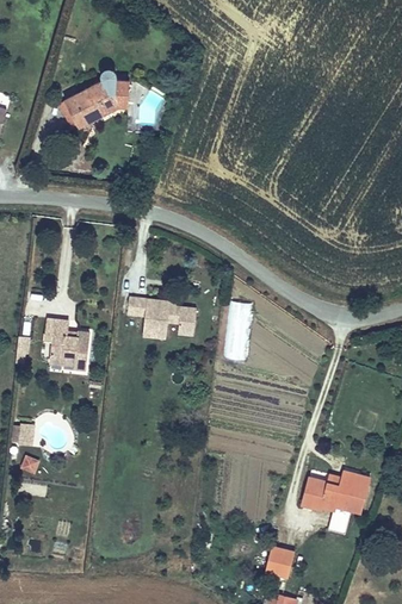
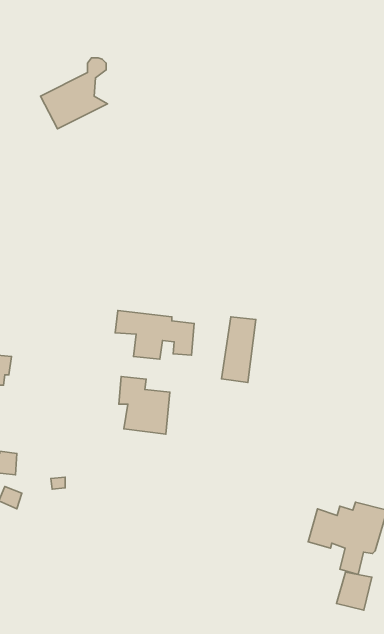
building: [106,77,130,108] -> none
building: [44,317,91,369] -> [119,376,170,434]
building: [264,544,296,579] -> [336,572,372,610]

